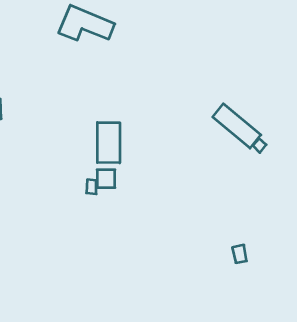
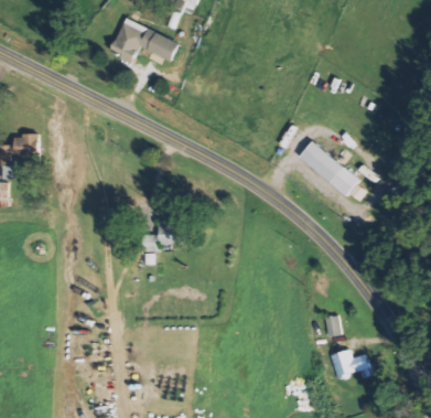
building: [97,122,120,163] -> none
building: none -> [328,350,368,377]

